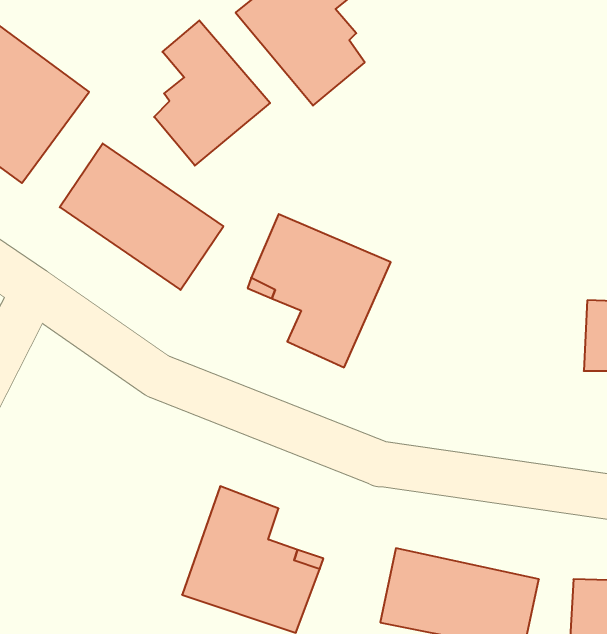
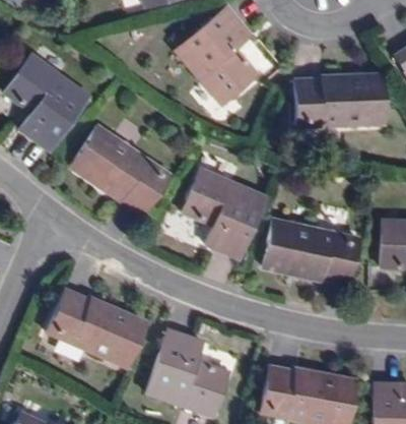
building: [154,20,270,166] -> none
building: none -> [294,76,383,123]
building: none -> [263,221,357,283]
building: none -> [48,289,145,365]

